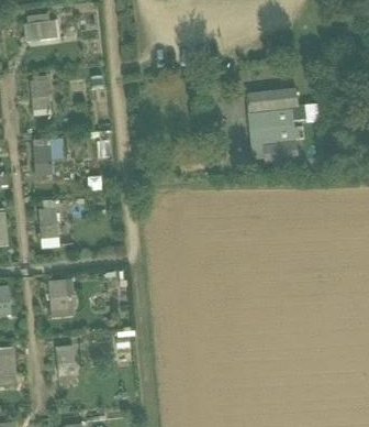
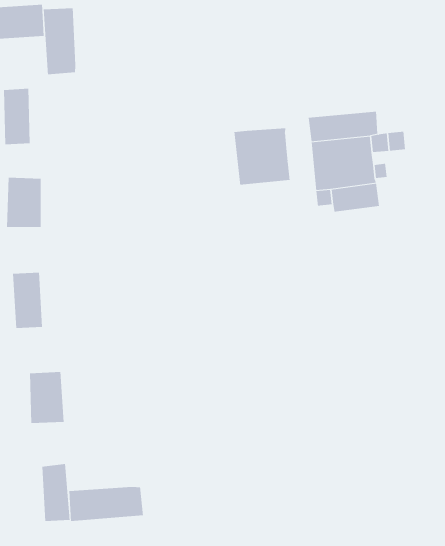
building: none -> [43,8,76,75]
building: none -> [234,128,290,186]
building: none -> [69,486,143,522]

